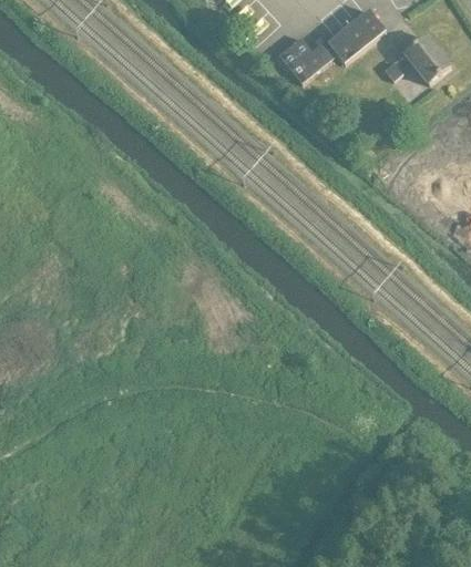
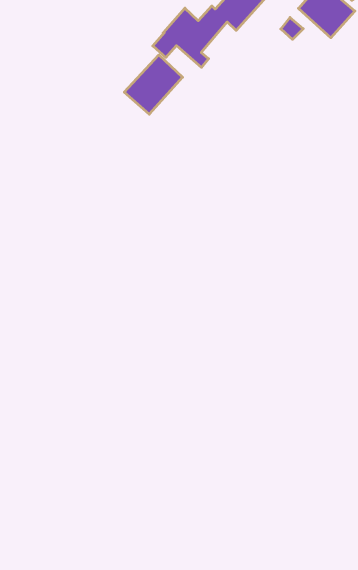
building: none -> [124,55,183,114]

